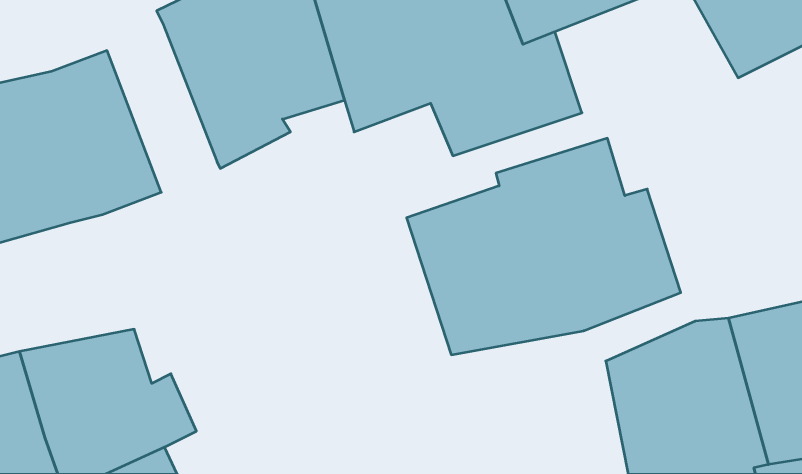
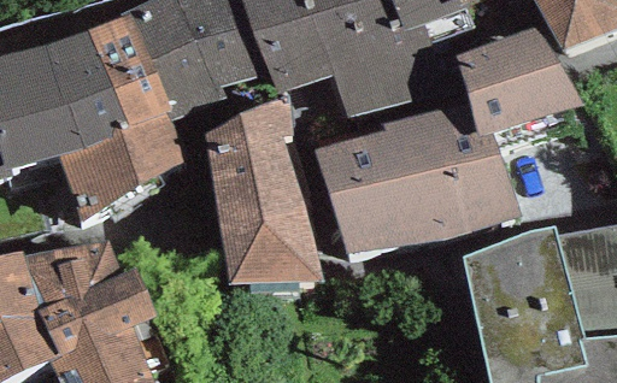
building: none -> [58,22,189,238]
building: none -> [452,34,581,152]
building: none -> [202,116,321,310]

